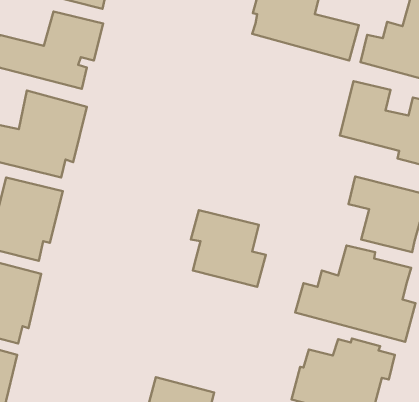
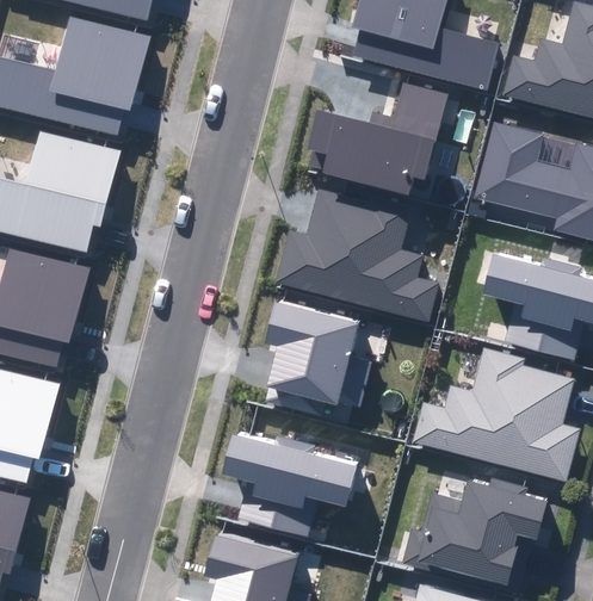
building: none -> [313,82,450,191]
building: none -> [274,184,438,322]
building: none -> [224,432,357,533]

